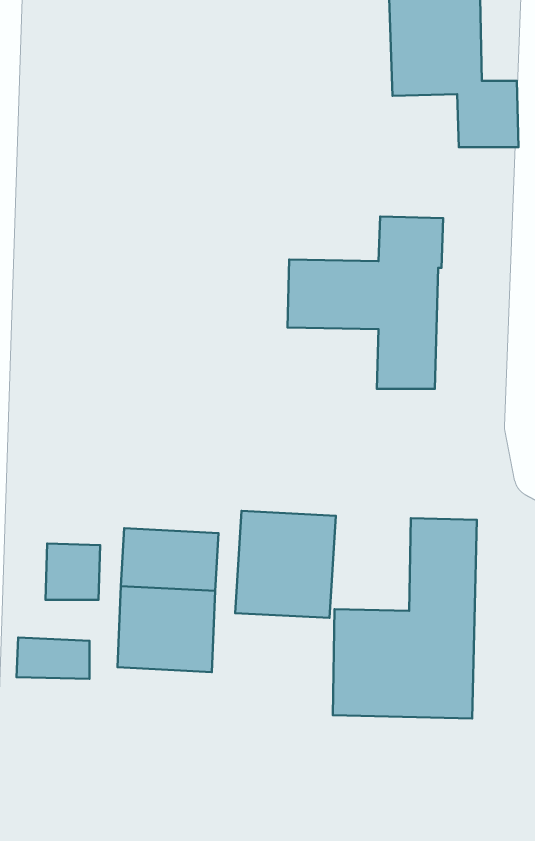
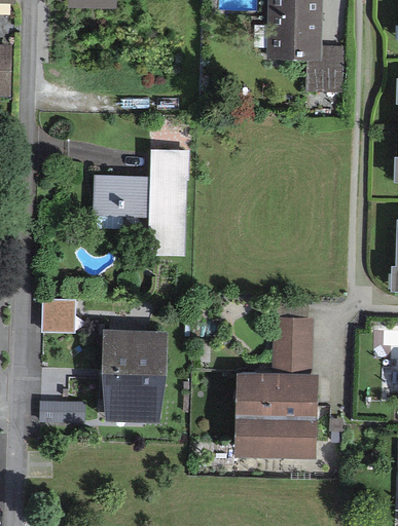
building: [287,216,443,389] -> [92,146,188,253]
building: [235,511,336,618] -> none
building: [45,543,100,600] -> [40,296,74,331]

